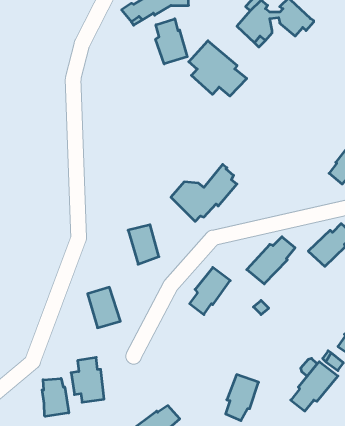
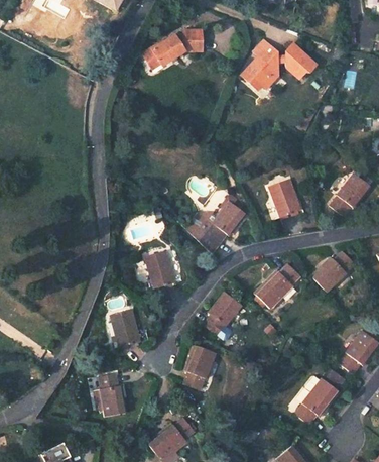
building: [156,19,187,64] -> none
building: [189,41,247,96] -> none
building: none -> [267,180,298,217]
building: [226,375,259,421] -> [183,347,214,389]
building: [42,378,69,416] -> none

